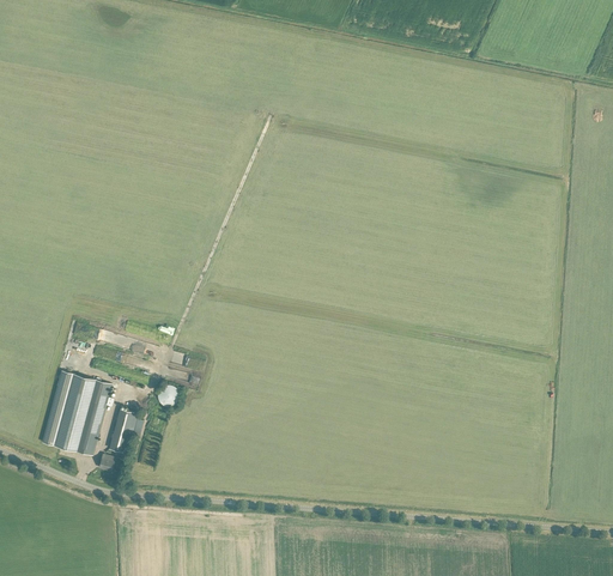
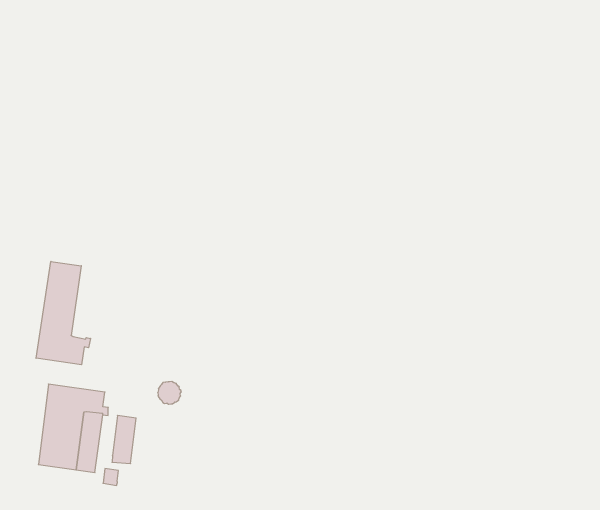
building: none -> [36,261,91,365]

